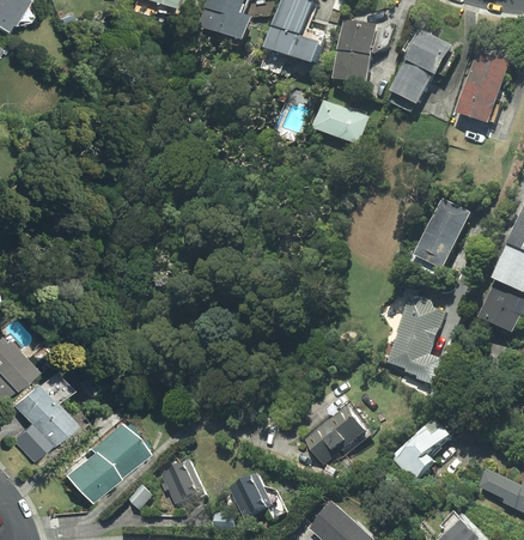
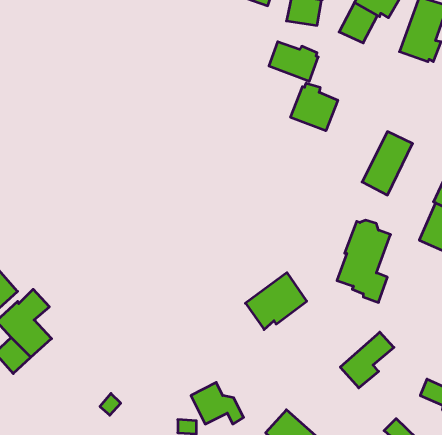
building: none -> [291,83,338,131]
building: [303,402,370,465] -> [245,273,307,330]
building: [69,424,148,504] -> none
building: [159,460,205,503] -> none

